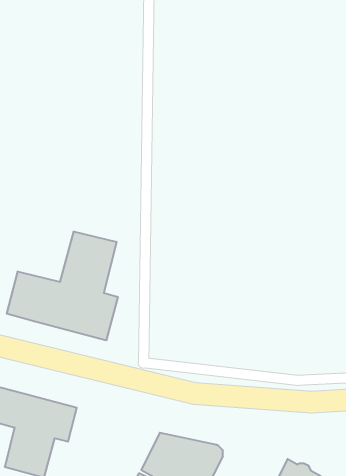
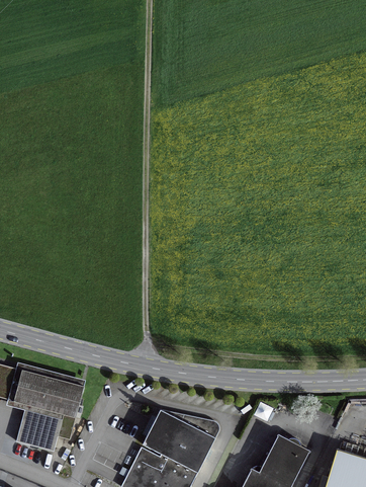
building: [7,231,118,340] -> none

